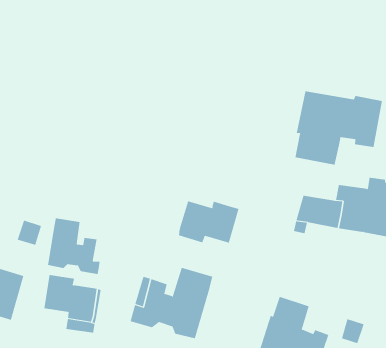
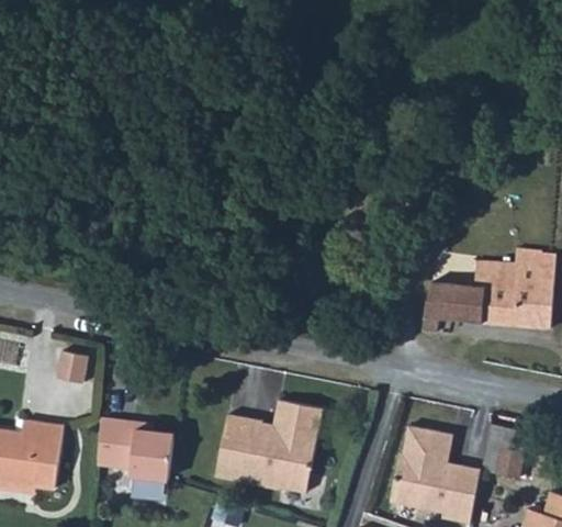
building: [295,91,382,166] -> none
building: [178,201,239,244] -> none
building: [48,218,100,275] -> none

